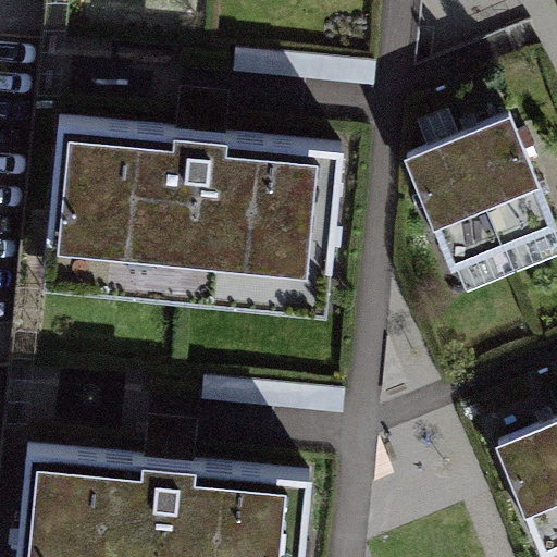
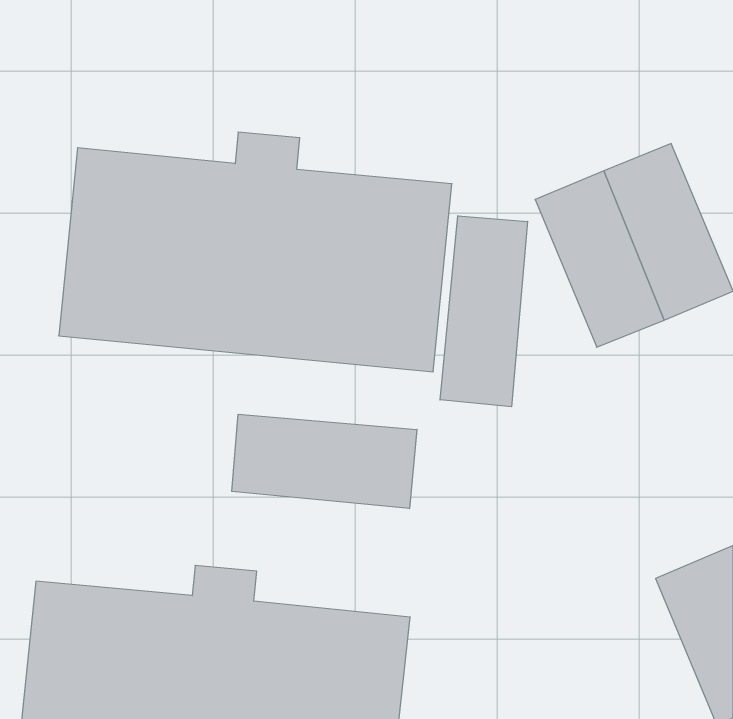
building: none -> [440,216,528,407]
building: none -> [232,414,417,509]

